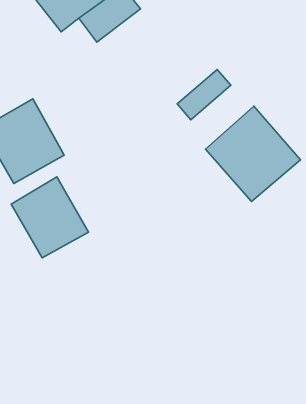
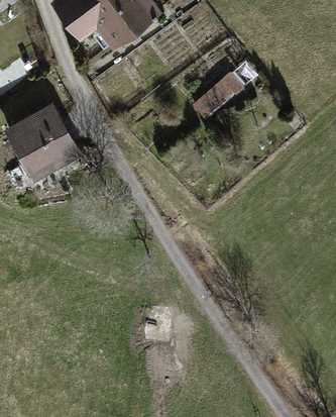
building: [206,106,300,201] -> none
building: [11,177,88,258] -> none

